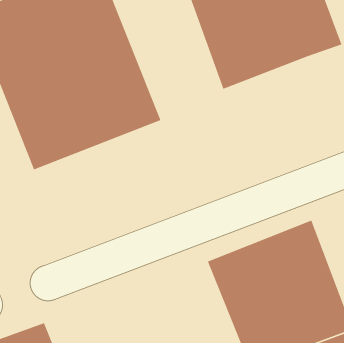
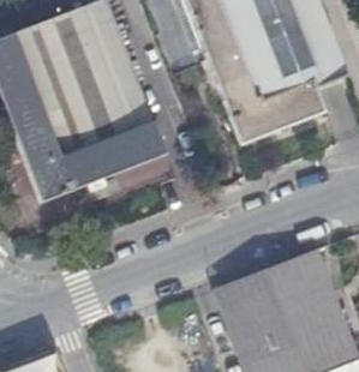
building: none -> [228,89,322,148]

